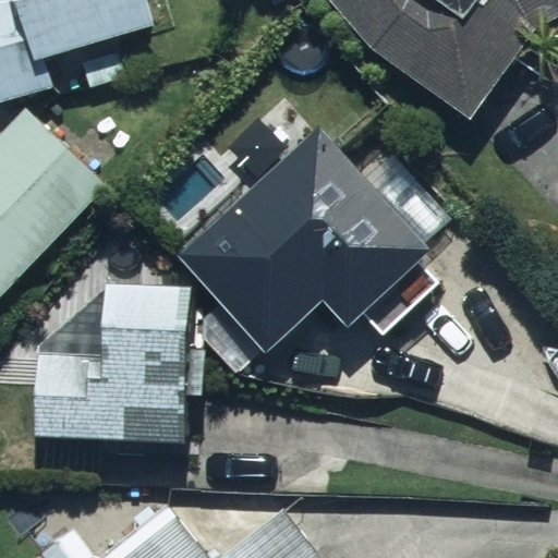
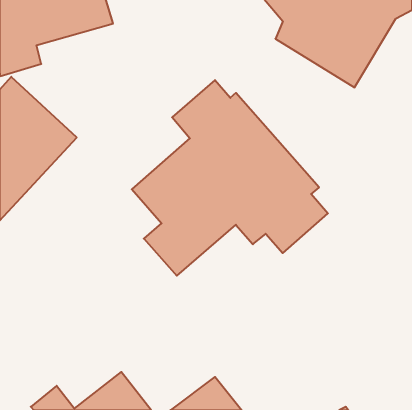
building: [36,282,190,444] -> none

